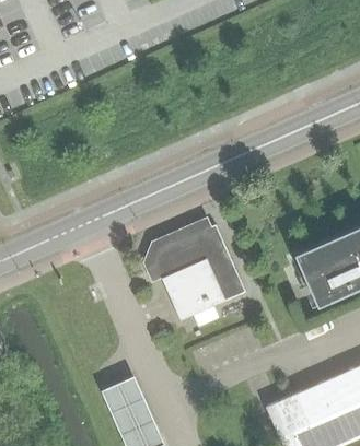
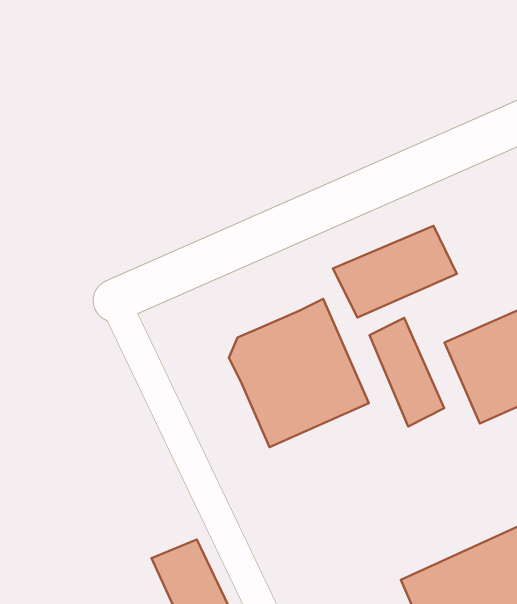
building: none -> [333,226,457,318]
building: none -> [369,318,444,427]

